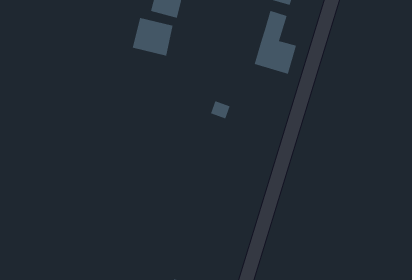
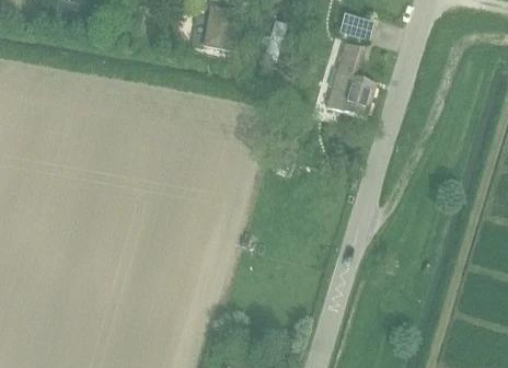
building: [132,17,173,57] -> none

